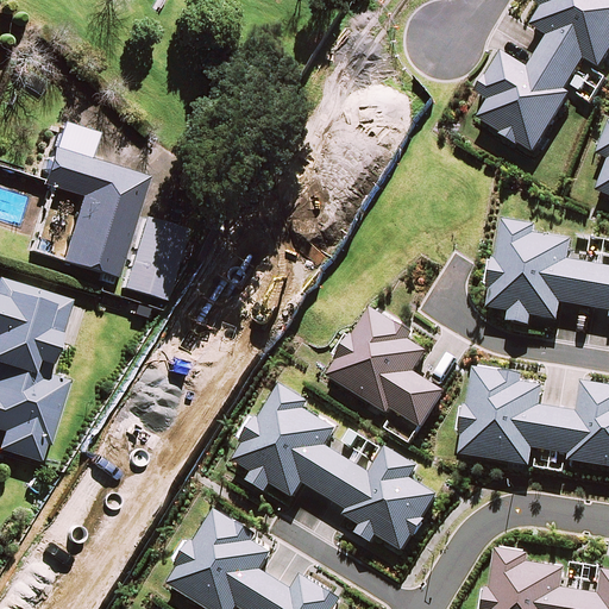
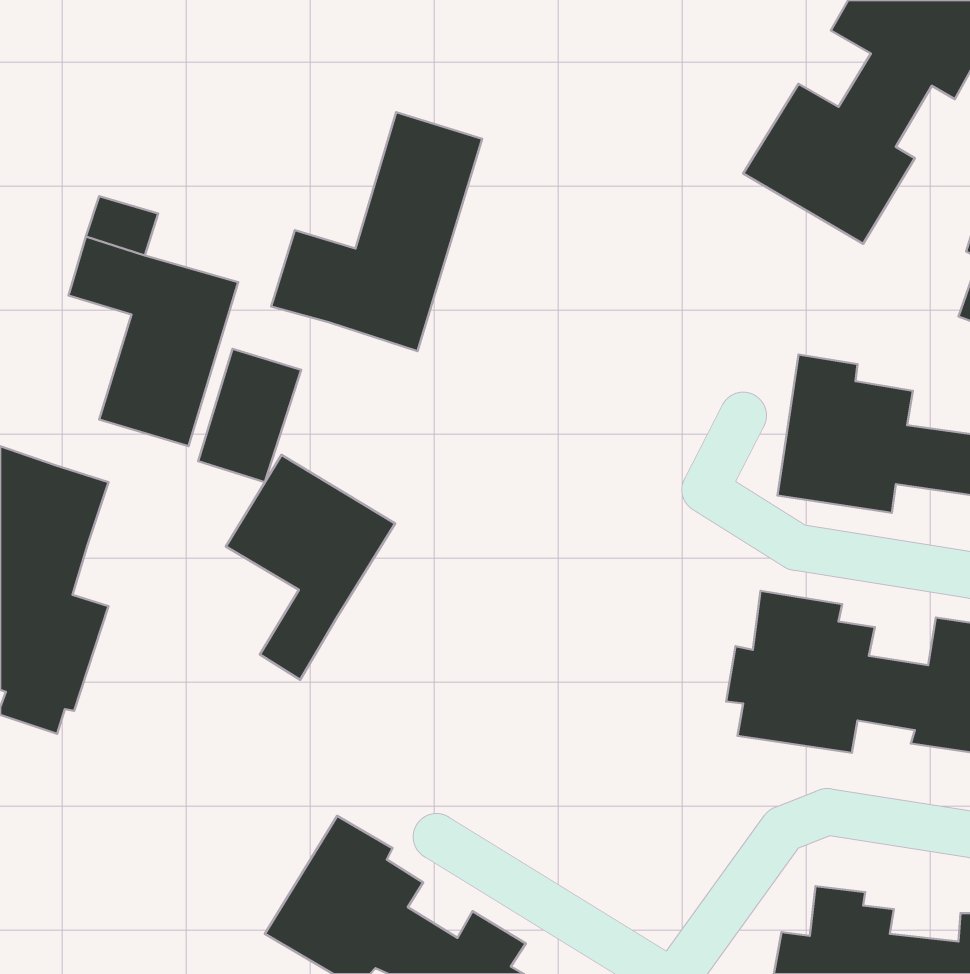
building: none -> [271,112,482,351]
building: none -> [226,455,395,680]
building: [327,309,438,421] -> none
building: [230,383,431,559] -> none

